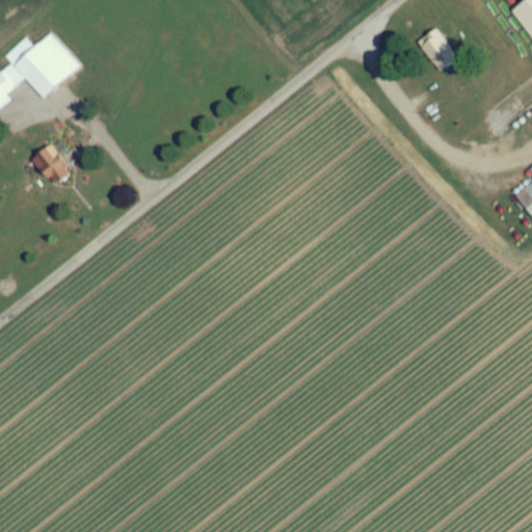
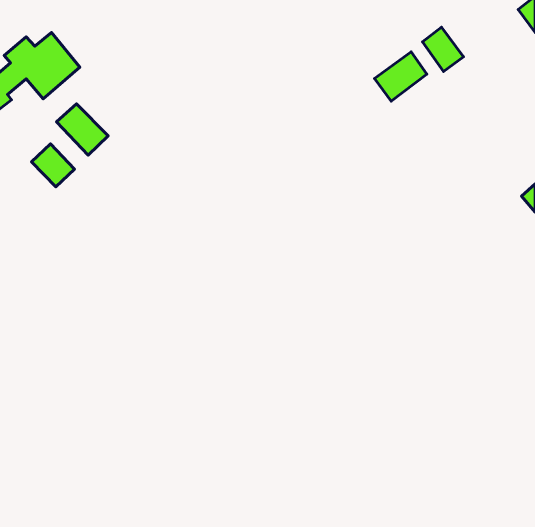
building: none -> [374,52,427,101]
building: none -> [57,104,108,155]

